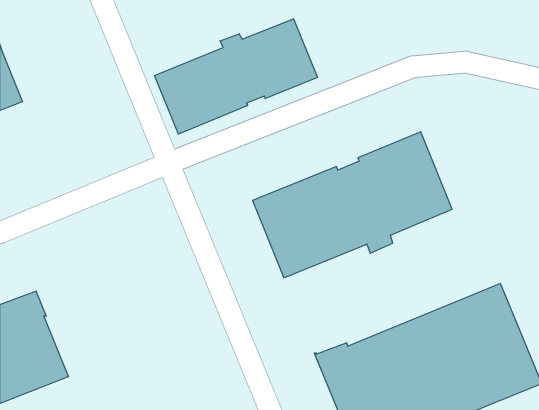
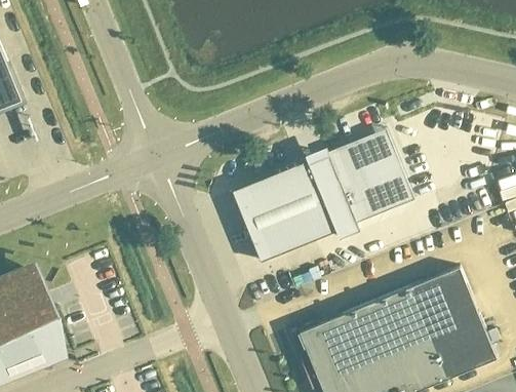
building: [155,19,318,134] -> none

